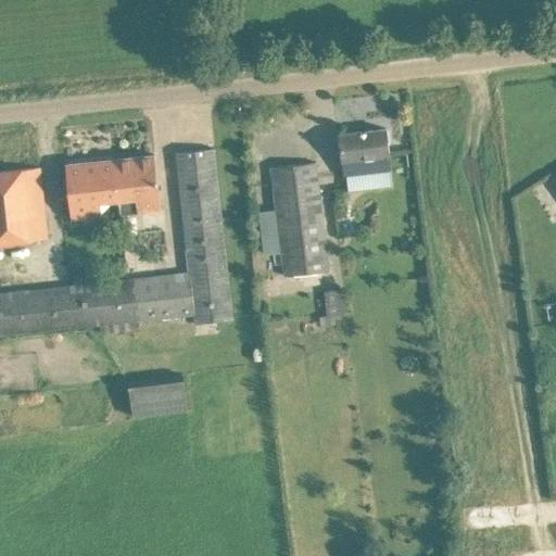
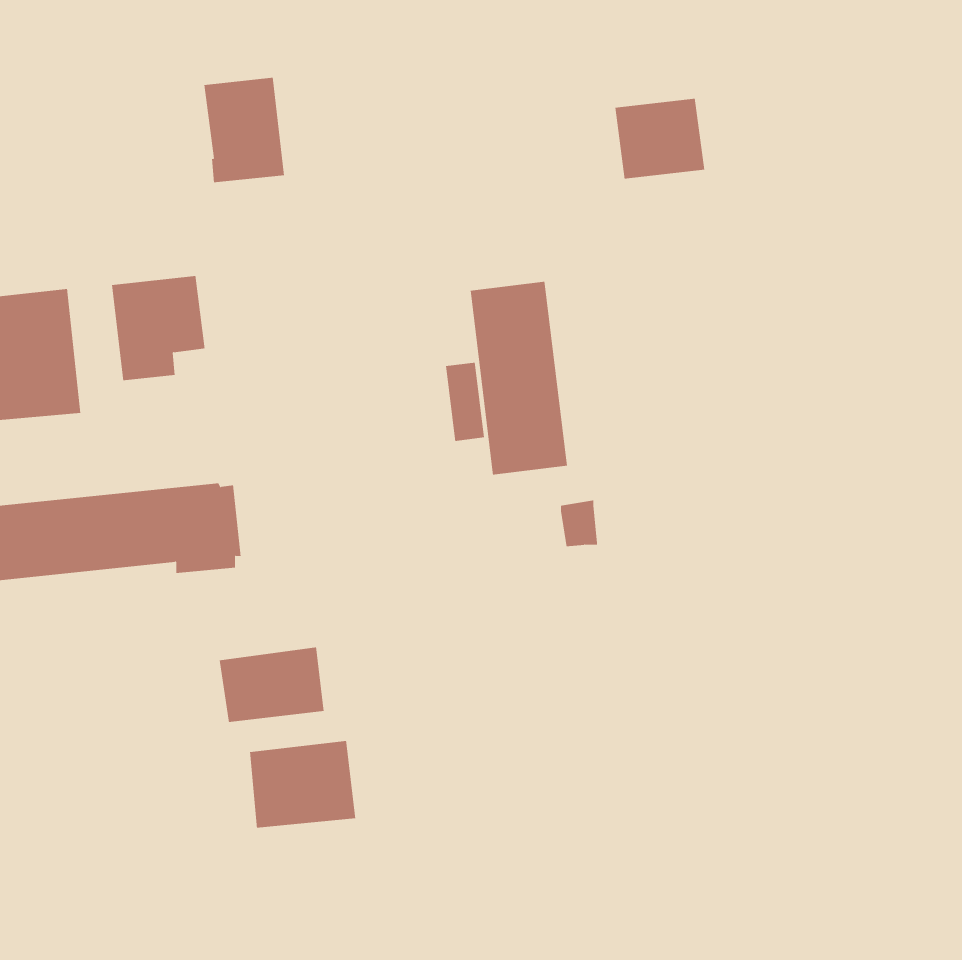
building: [338,130,390,177] -> [614,98,705,179]
building: [126,150,231,323] -> none
building: [113,156,160,217] -> [204,77,285,183]
building: none -> [249,740,356,829]

